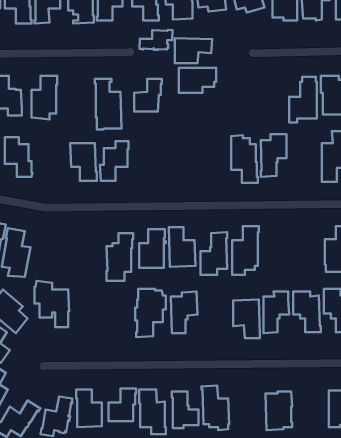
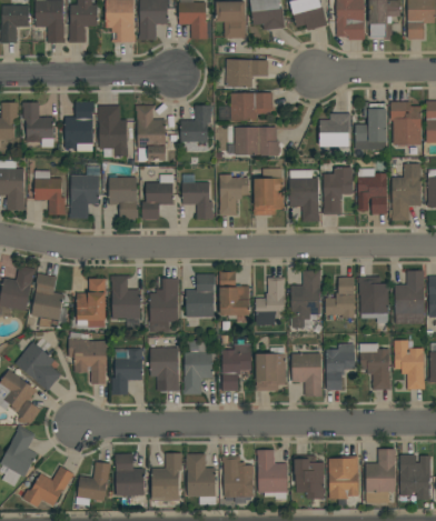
building: [139,30,173,50] -> none
building: none -> [98,106,128,156]
building: none -> [319,112,350,146]
building: none -> [234,127,280,156]
building: none -> [252,168,284,214]
building: none -> [357,168,387,213]
building: none -> [219,173,248,216]
building: none -> [69,174,99,218]
building: none -> [181,182,214,218]
building: none -> [110,274,140,331]
building: none -> [325,277,354,318]
building: none -> [358,277,389,322]
building: none -> [77,278,106,327]
building: none -> [150,347,179,390]
building: none -> [255,347,286,390]
building: none -> [111,348,142,394]
building: none -> [365,449,396,502]
building: none -> [294,455,325,499]

